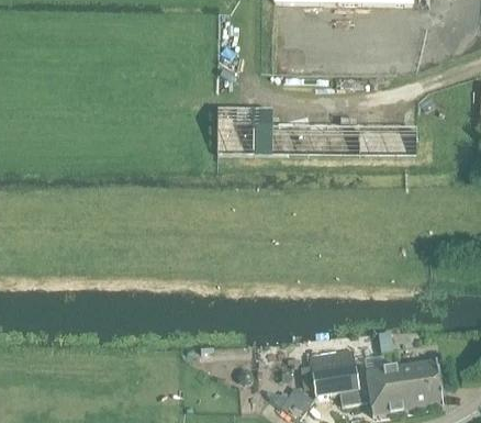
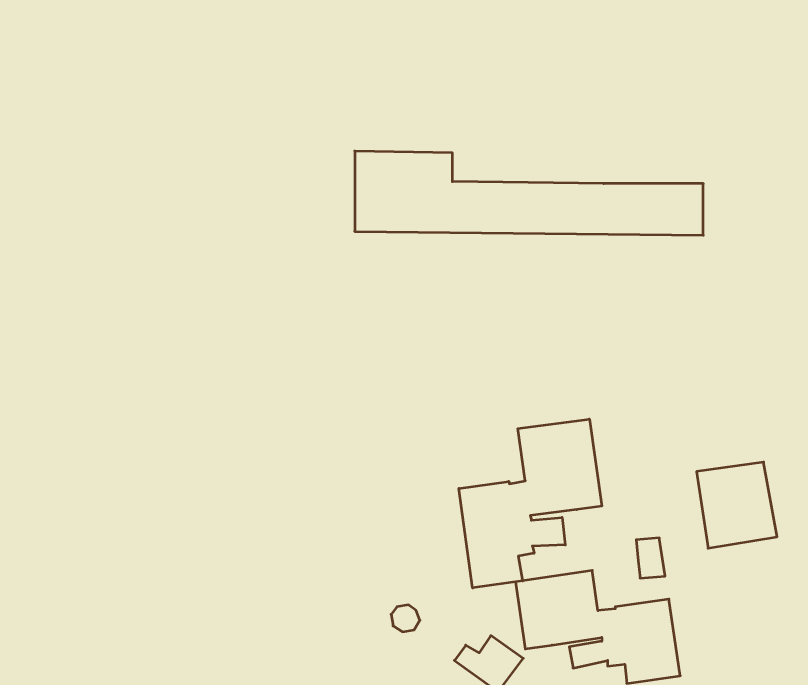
building: none -> [459,419,602,588]
building: [396,359,443,409] -> [697,462,777,548]

